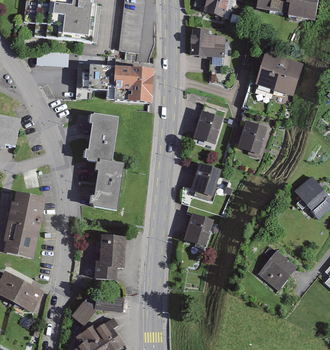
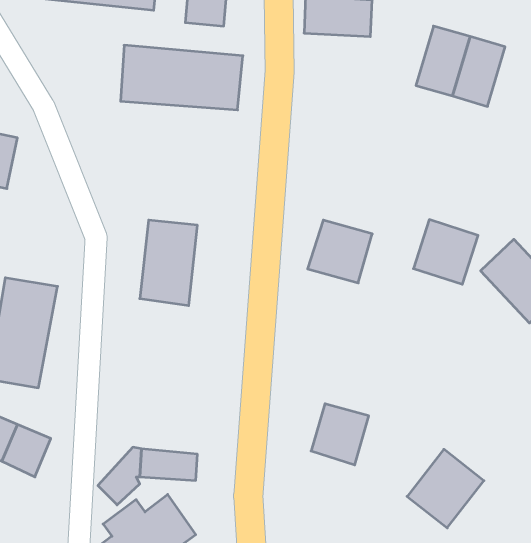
building: [190,111,222,145] -> none
building: [86,115,119,164] -> none
building: [232,119,269,156] -> [413,220,478,284]
building: [180,213,213,248] -> [311,404,369,465]
building: [86,235,120,281] -> none
building: [256,247,300,292] -> [407,449,484,528]

